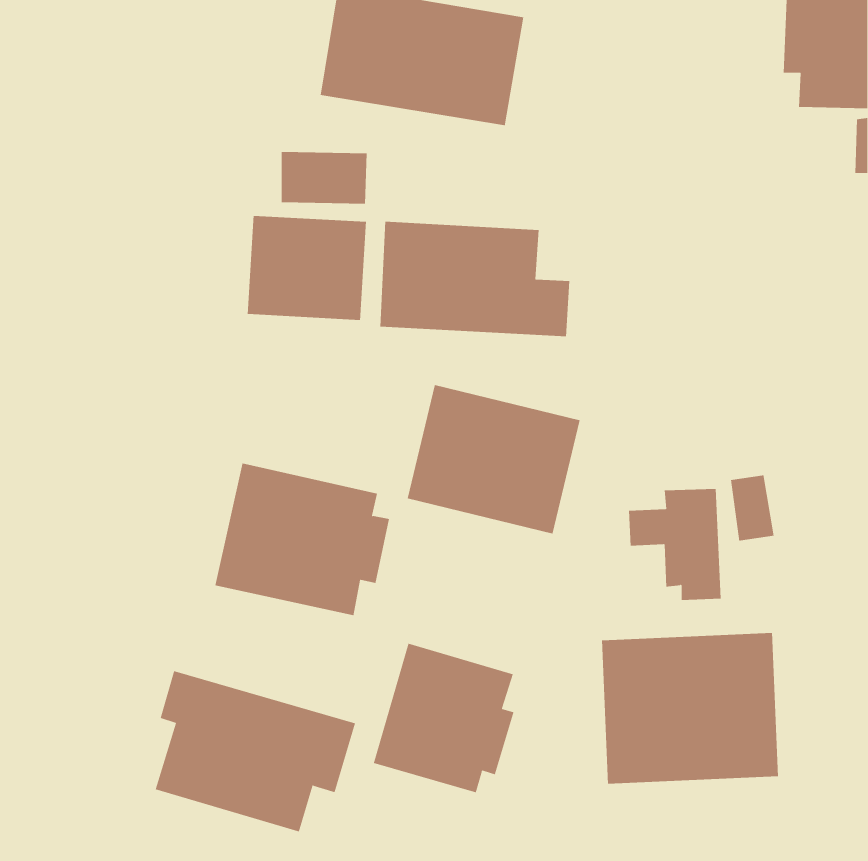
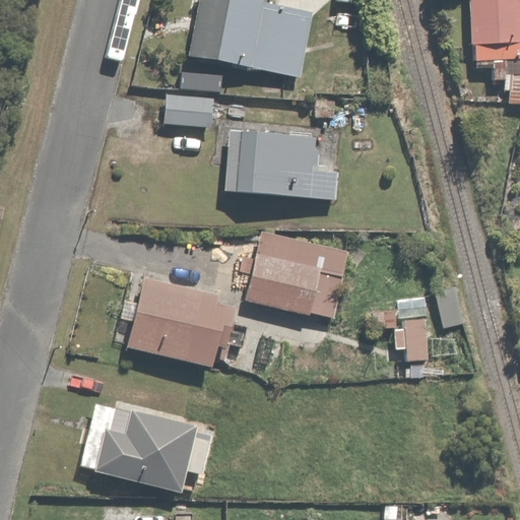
building: [247,215,366,321] -> none
building: [601,632,779,785] -> none
building: [373,643,514,793] -> none

